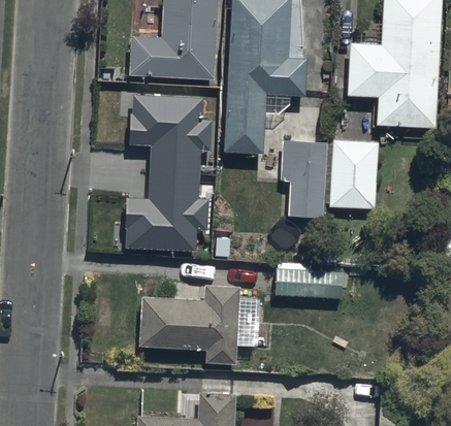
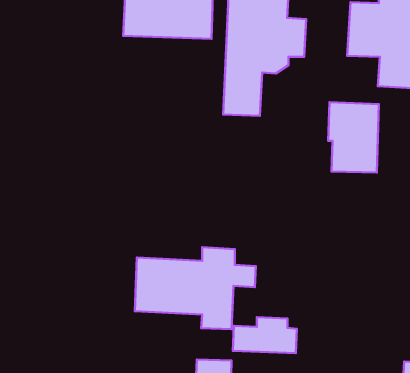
building: [130,99,215,255] -> none
building: [280,139,324,217] -> none
building: [273,263,336,298] -> [233,317,297,353]

